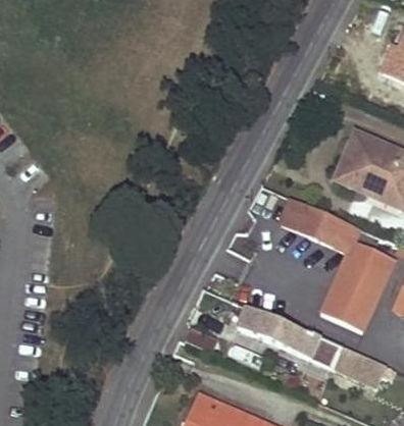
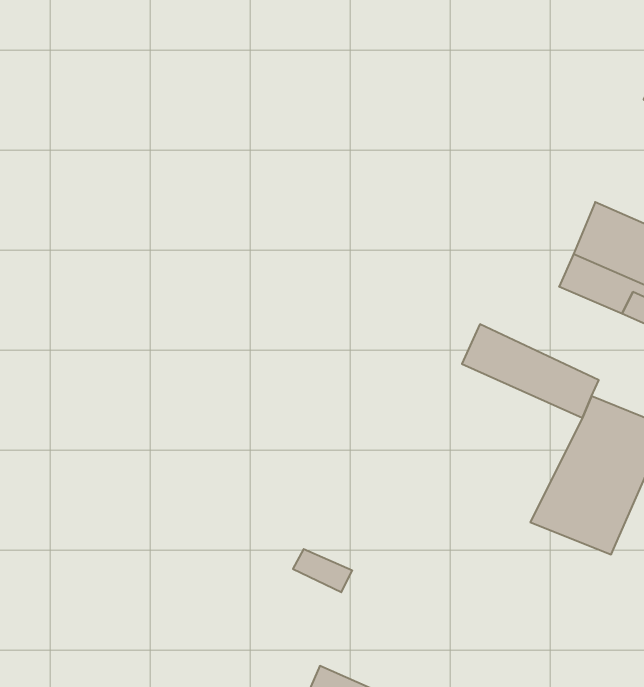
building: [236,306,377,382] -> none

